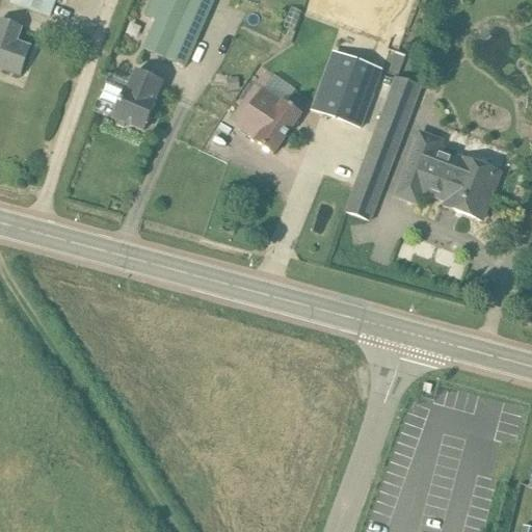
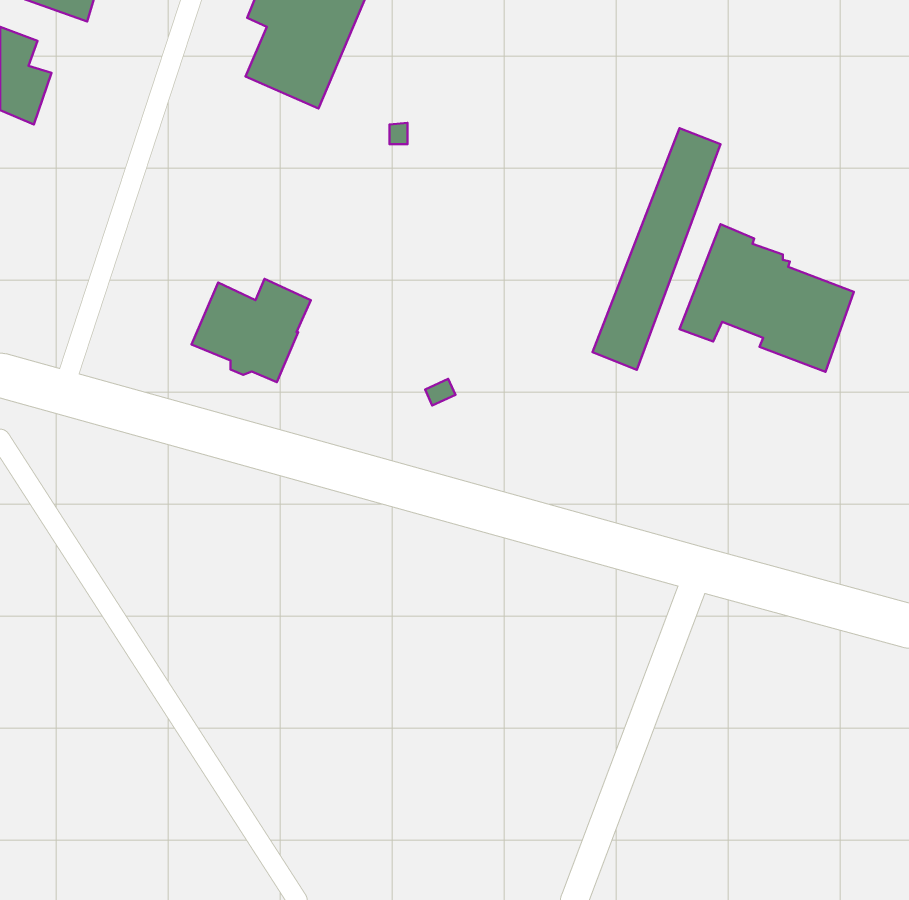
building: [314,49,382,125] -> none
building: [94,68,163,128] -> [192,279,311,382]
building: [236,84,302,151] -> none

